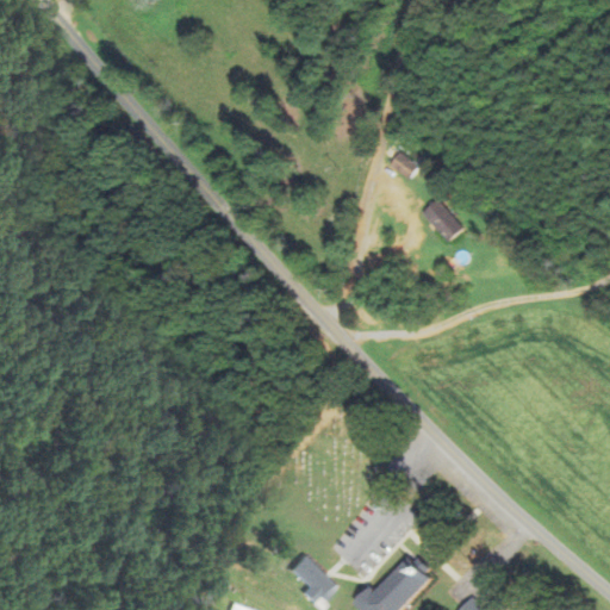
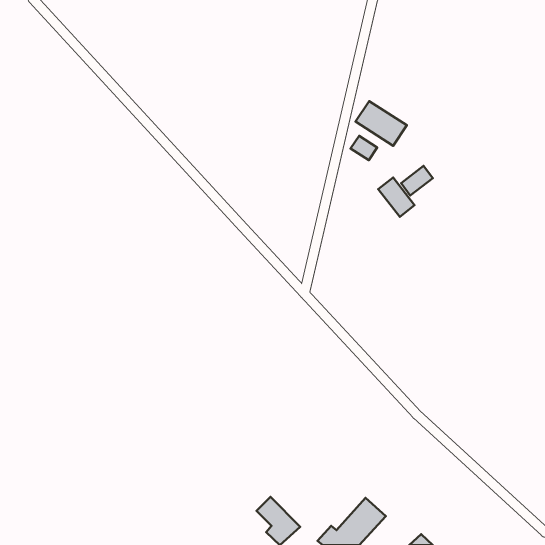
building: none -> [356,101,407,146]
building: none -> [401,166,433,195]

